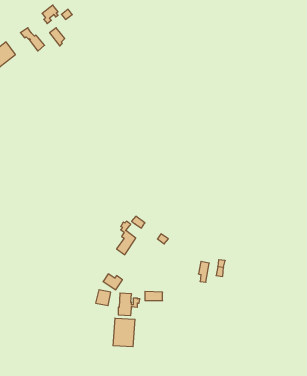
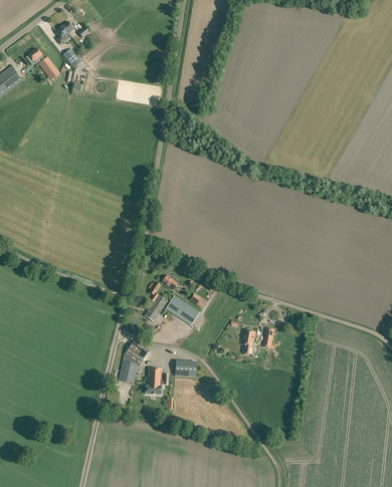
building: none -> [166,294,200,323]
building: [113,318,135,347] -> none

